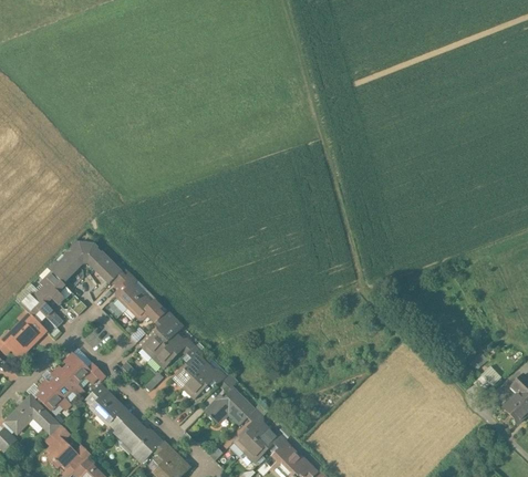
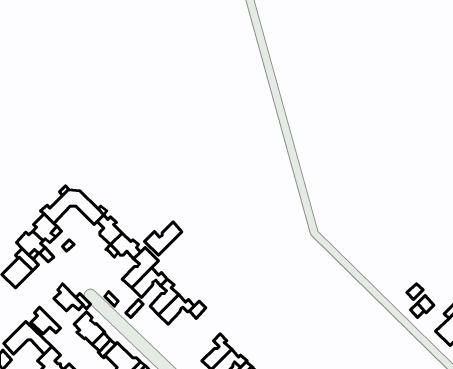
building: none -> [145,222,182,255]
building: [50,365,84,396] -> none
building: [205,388,255,424] -> none

